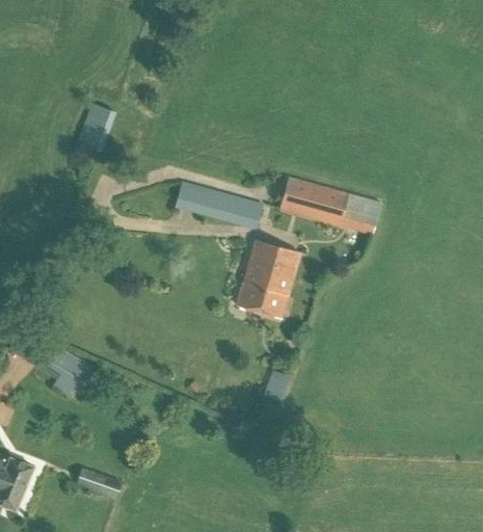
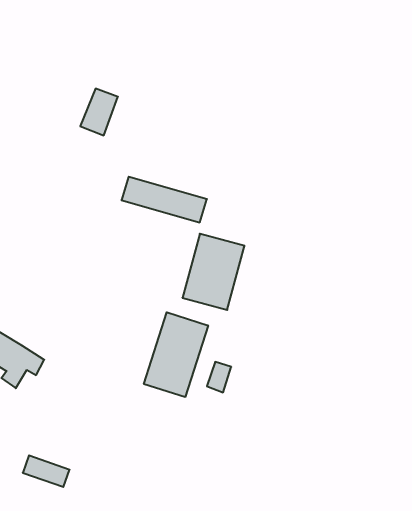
building: [76,104,114,152] -> [80,89,118,135]
building: [279,177,380,235] -> none
building: none -> [144,312,208,397]

